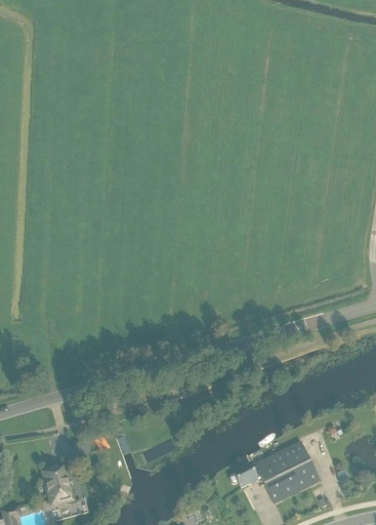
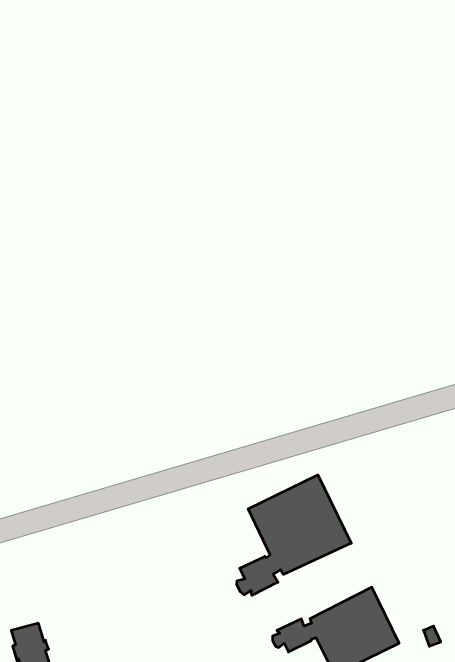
building: none -> [237,475,351,595]

